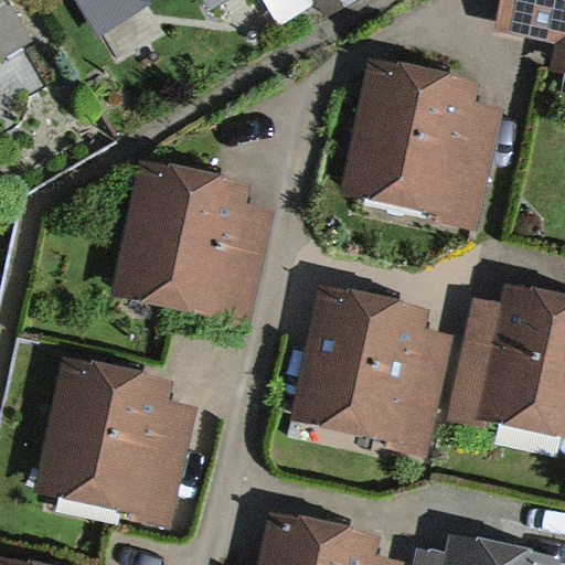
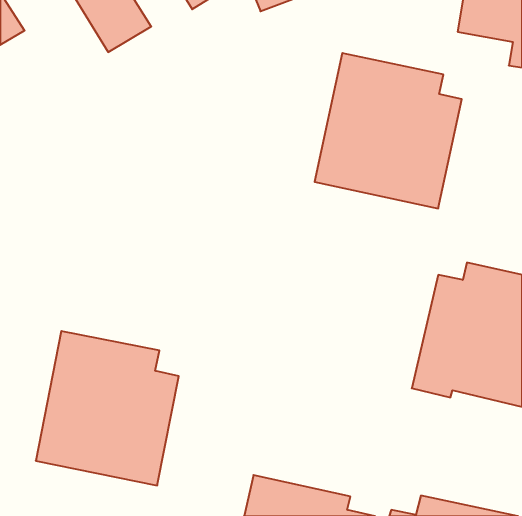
building: [108,160,274,329] -> none
building: [292,285,454,452] -> none

